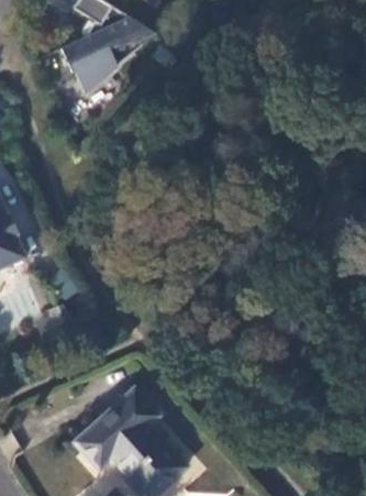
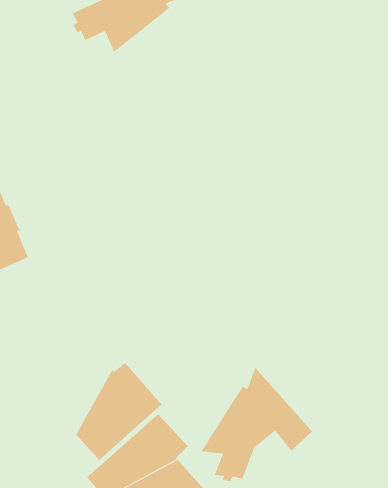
building: none -> [75,362,162,461]
building: none -> [201,367,313,482]

